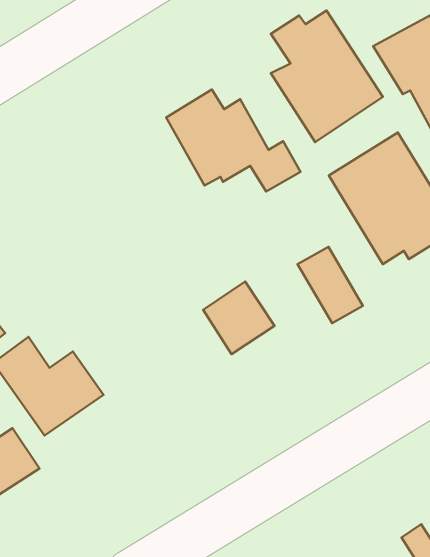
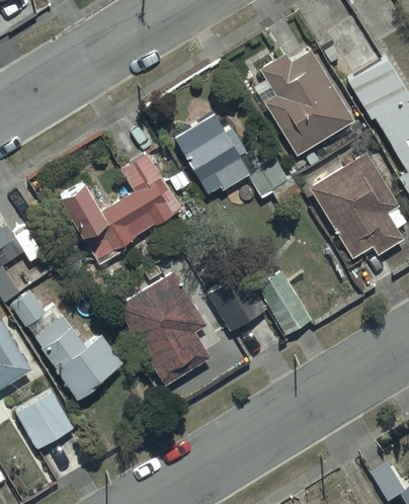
building: none -> [59,154,184,256]
building: [298,247,363,323] -> [257,271,311,334]
building: none -> [119,273,213,387]

